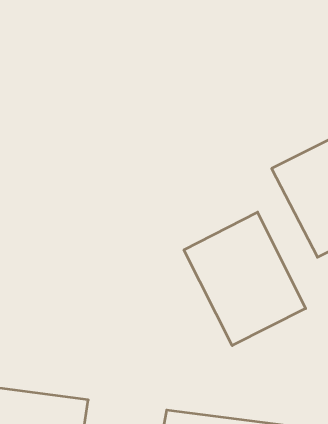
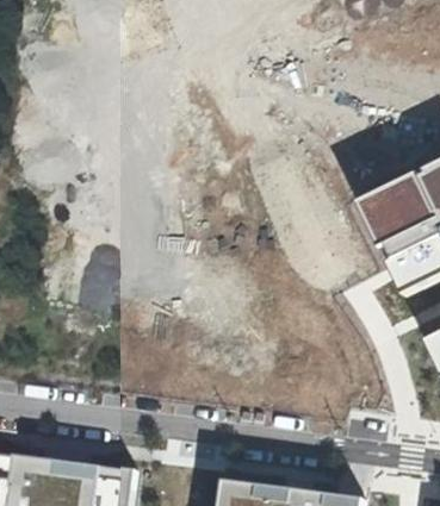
building: [184,212,306,346] -> none

